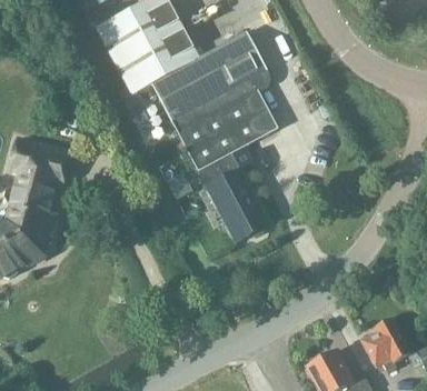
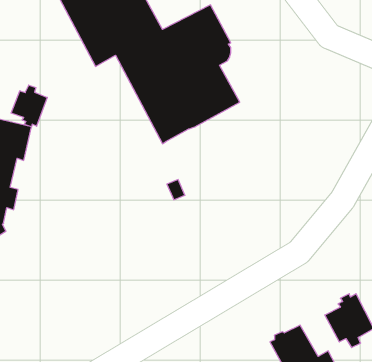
building: none -> [11,85,47,127]
building: [196,152,268,240] -> none

